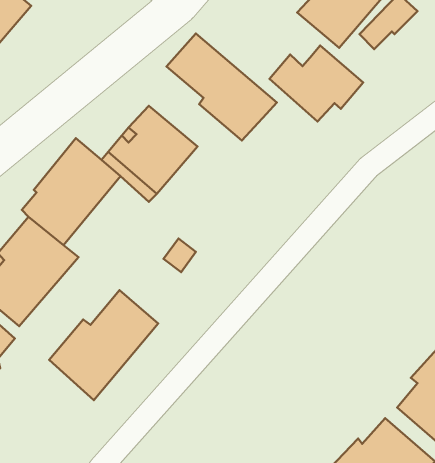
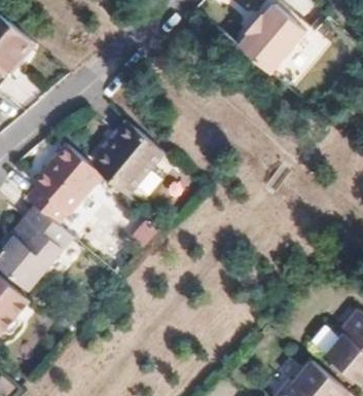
building: [167,33,277,141] -> none
building: [270,46,363,121] -> none
building: [49,290,158,400] -> none

